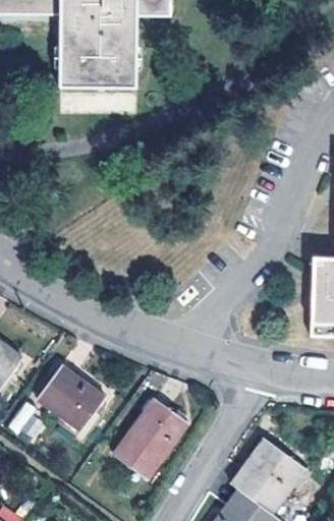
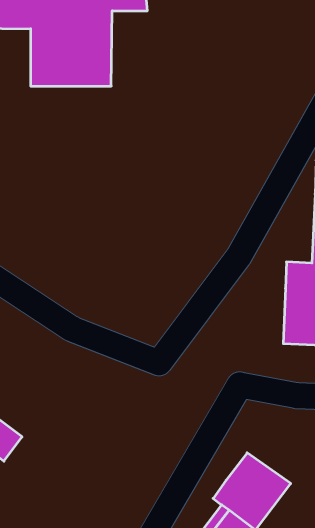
building: [40,366,107,431] -> none
building: [115,400,189,480] -> none

